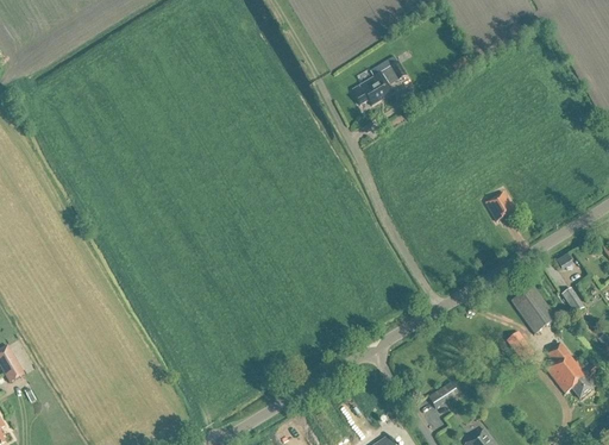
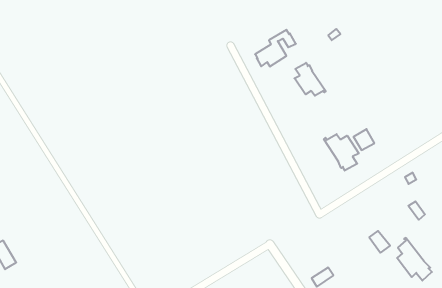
building: none -> [294,63,326,96]
building: none -> [324,134,359,171]
building: [510,283,557,332] -> none

